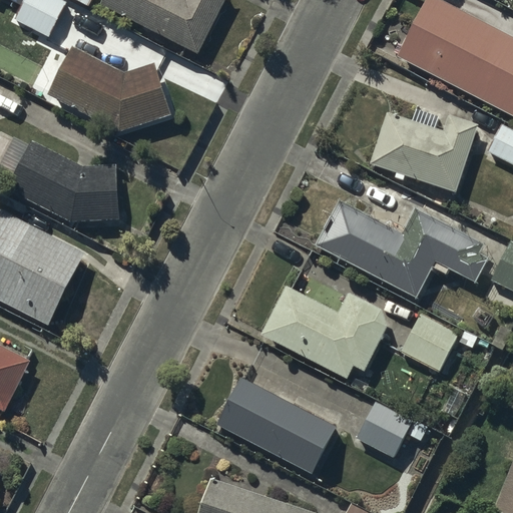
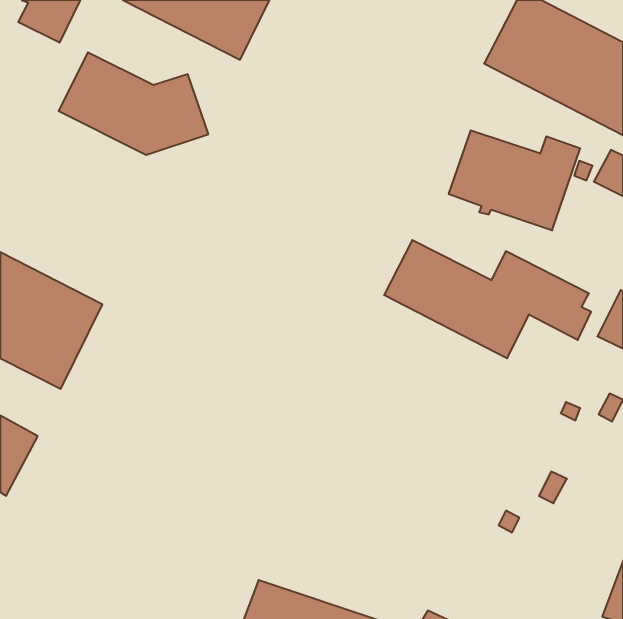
building: [7,140,119,222] -> none
building: [261,285,387,379] -> none
building: [402,314,460,372] -> none
building: [217,378,336,474] -> none
building: [357,403,413,458] -> none

